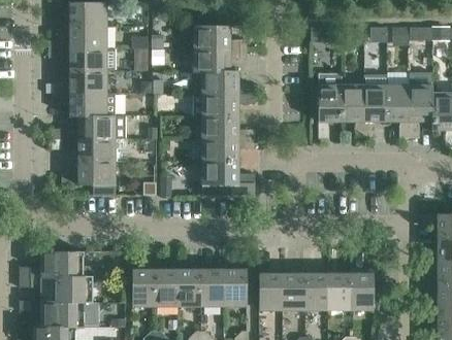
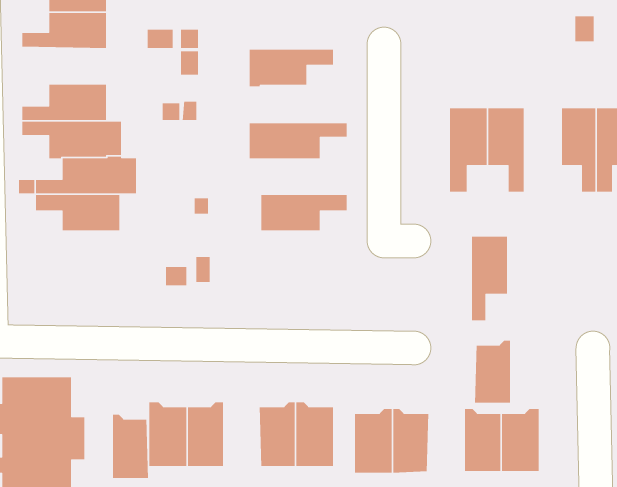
building: [194,25,247,48] -> none
building: [54,47,115,70] -> none
building: [194,70,255,94] -> none
building: [364,84,387,137] -> [471,236,508,321]
building: [201,116,255,138] -> none
building: [62,161,116,184] -> none
building: [201,161,255,197] -> none
building: [179,266,201,306] -> [112,414,149,479]
building: [304,270,327,309] -> [474,340,511,403]

